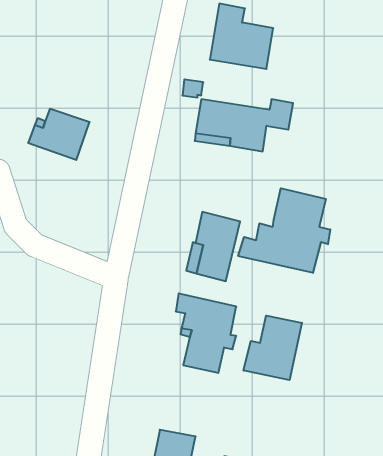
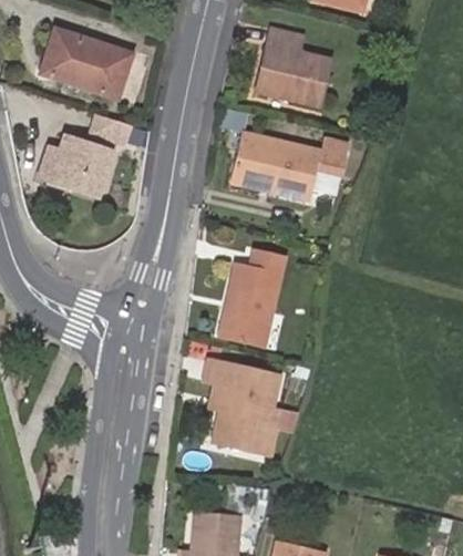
building: none -> [39,32,126,100]
building: [238,188,330,273] -> none
building: [244,316,302,380] -> none

